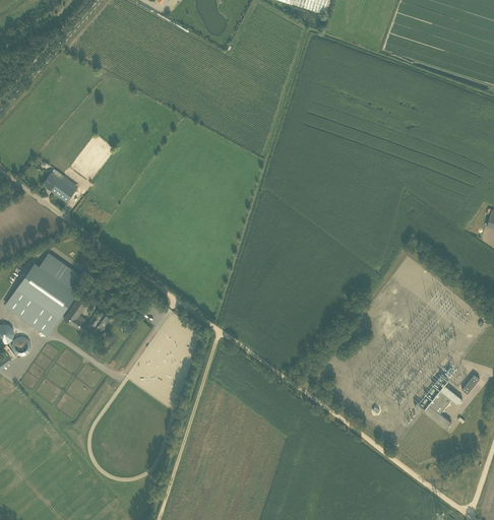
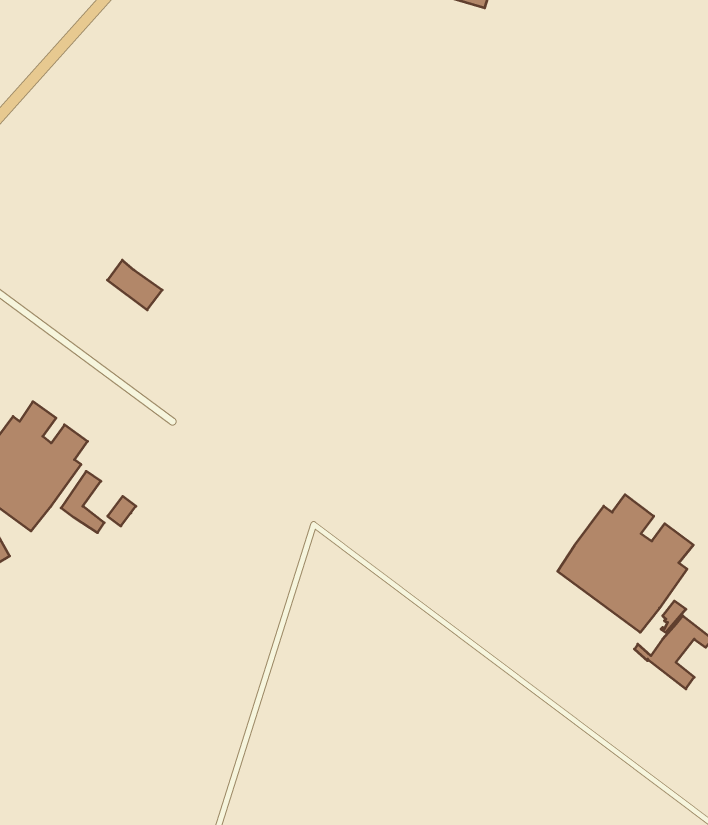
building: [43,171,76,201] -> [107,260,162,310]
building: none -> [558,495,693,632]

